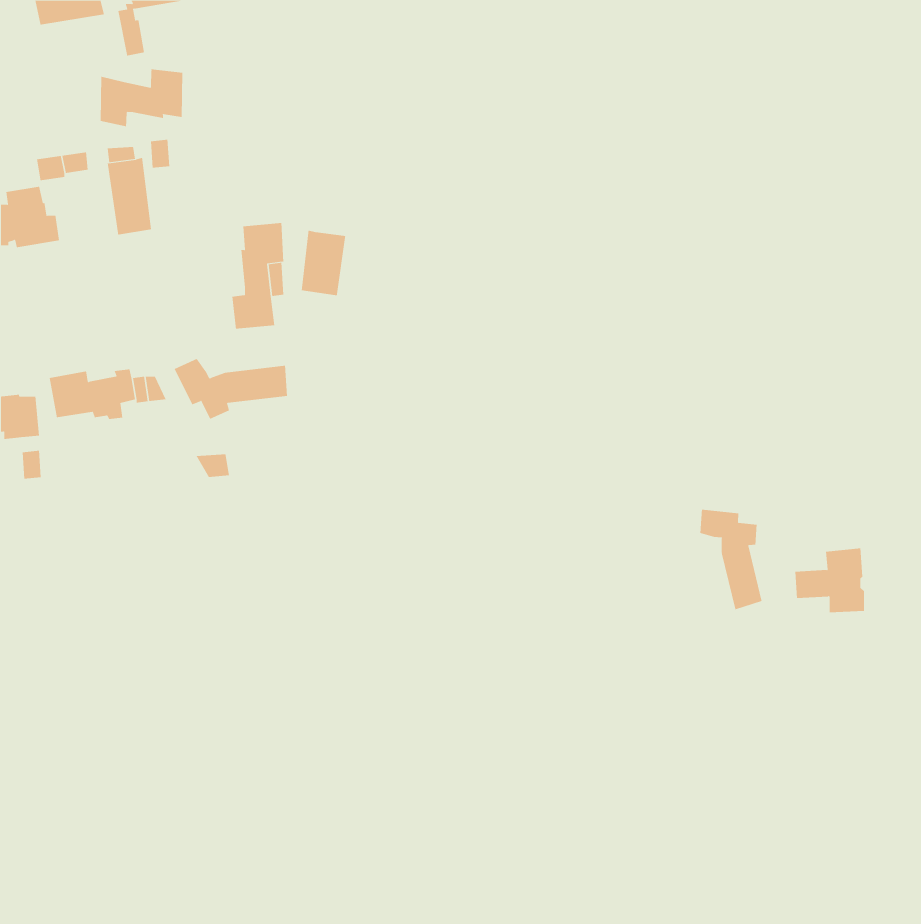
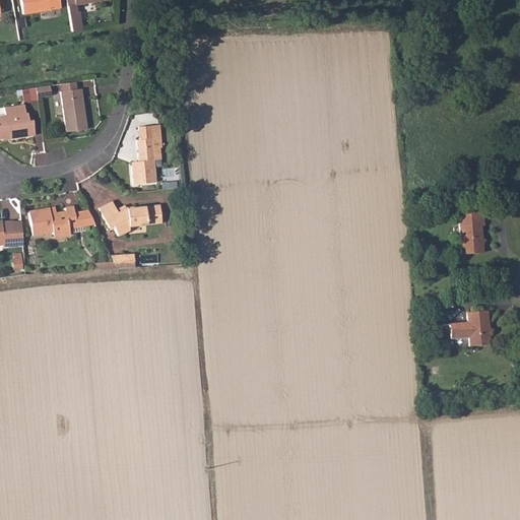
building: [100,68,183,127] -> none
building: [301,230,346,296] -> none
building: none -> [459,210,484,252]
building: [700,509,762,610] -> none

